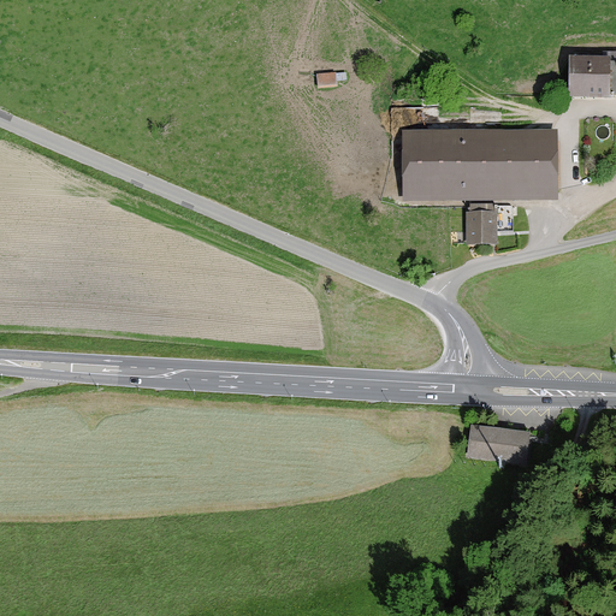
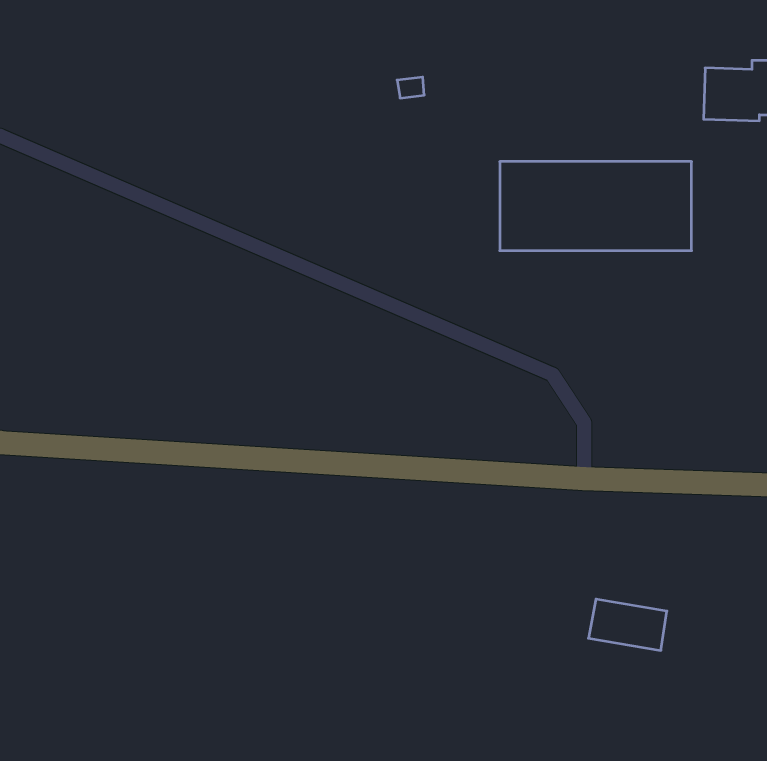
building: [466,209,503,243] -> none
building: [468,420,531,461] -> [588,599,667,650]

